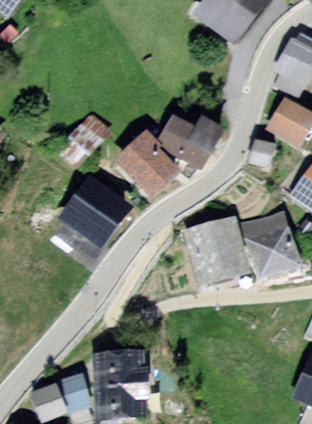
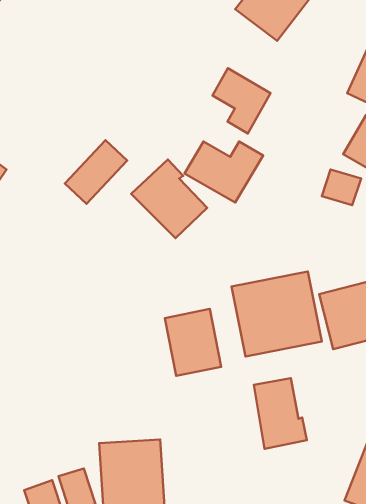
building: none -> [213,68,271,133]
building: [58,181,122,244] -> none
building: none -> [165,309,221,376]
building: none -> [254,378,307,449]

